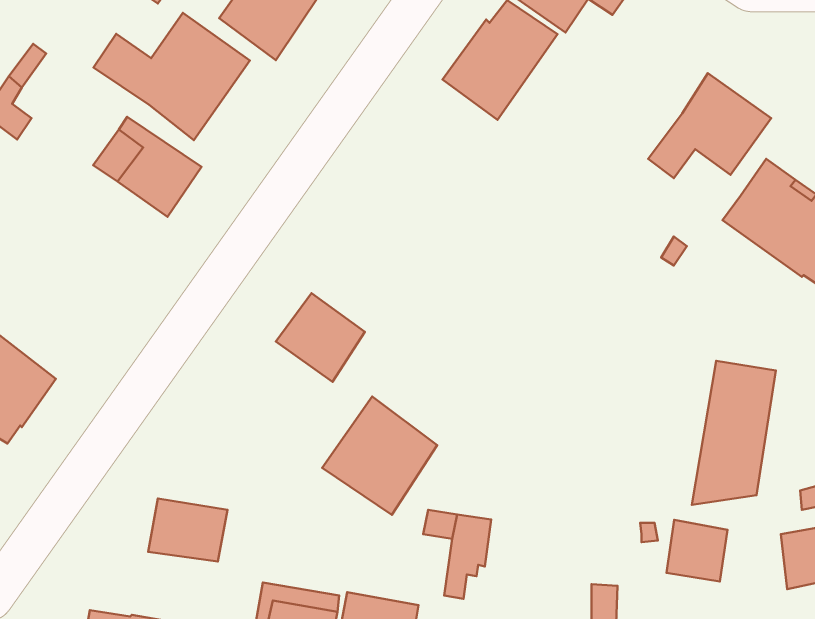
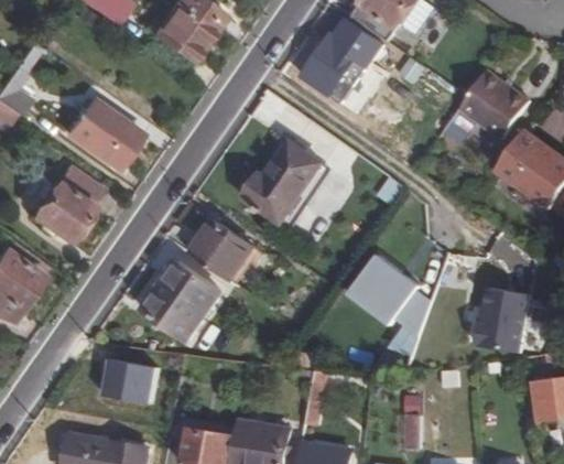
building: [94,13,250,140] -> none
building: none -> [245,142,321,229]
building: none -> [31,164,100,241]
building: none -> [348,253,430,336]
building: [322,397,437,515] -> [142,260,220,341]
building: [666,520,727,582] -> none

